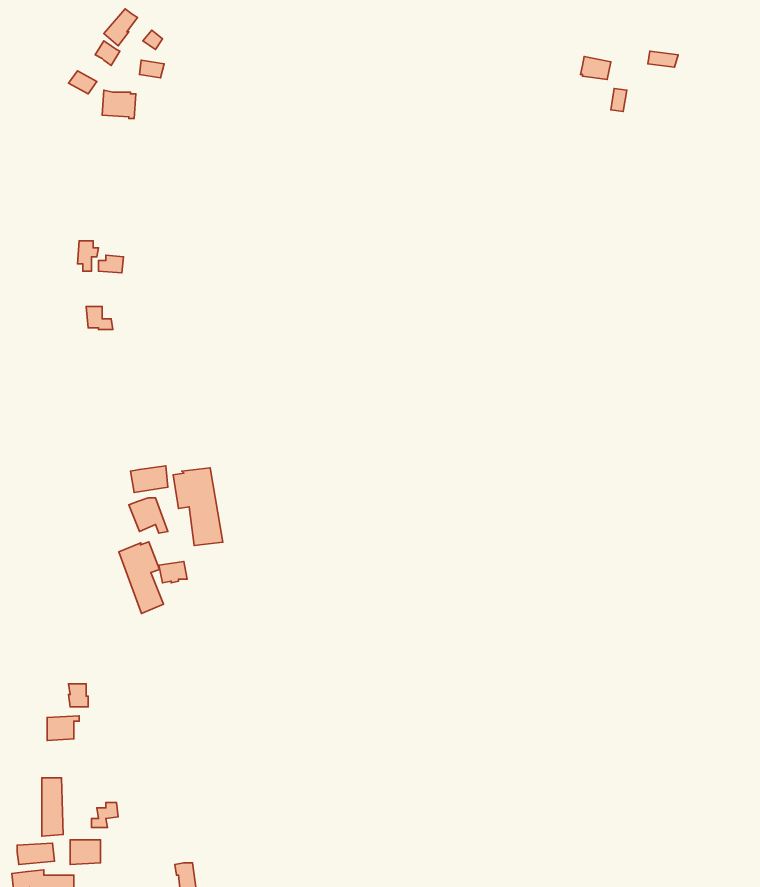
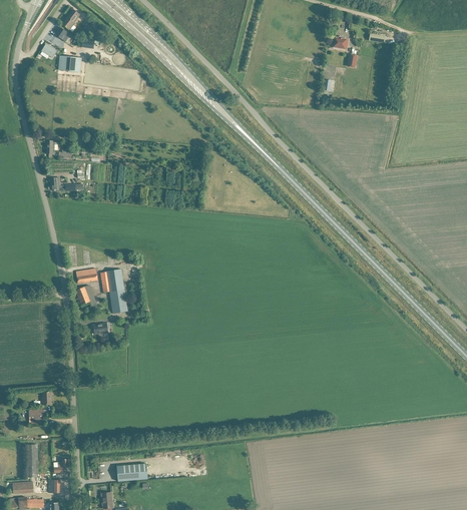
building: [119,542,164,613] -> none
building: none -> [116,463,147,481]

